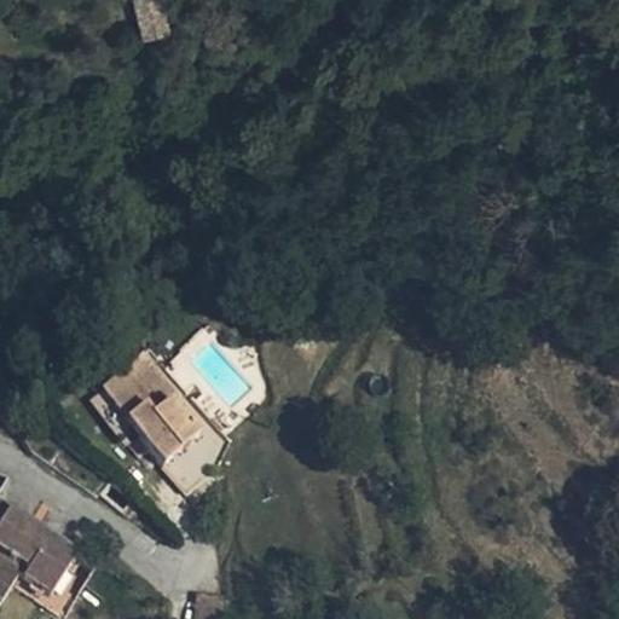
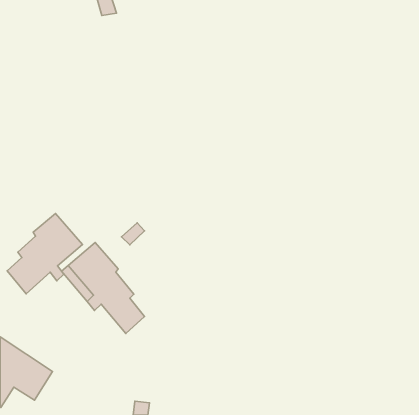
building: none -> [7,213,82,294]

